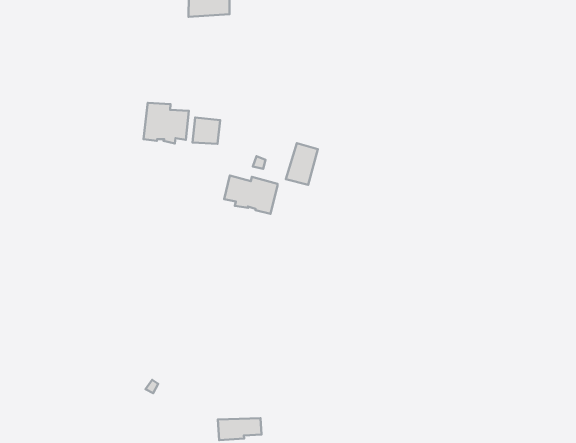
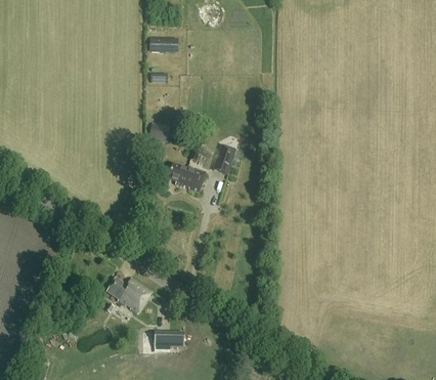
building: [144,103,189,144] -> none
building: none -> [106,279,151,314]

